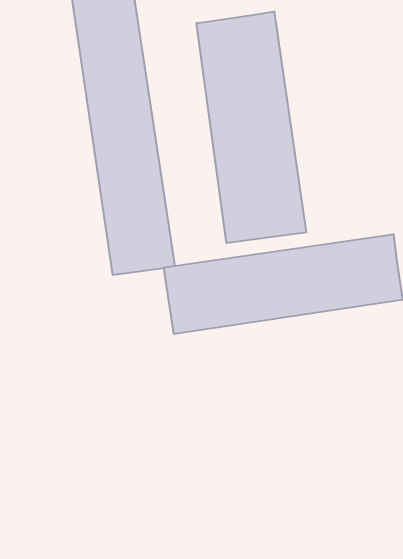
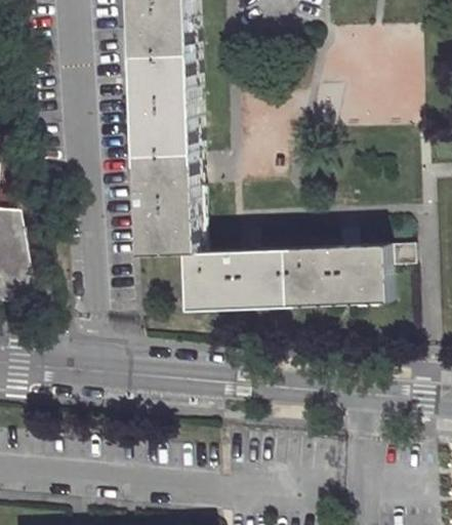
building: [196,11,306,243] -> none

